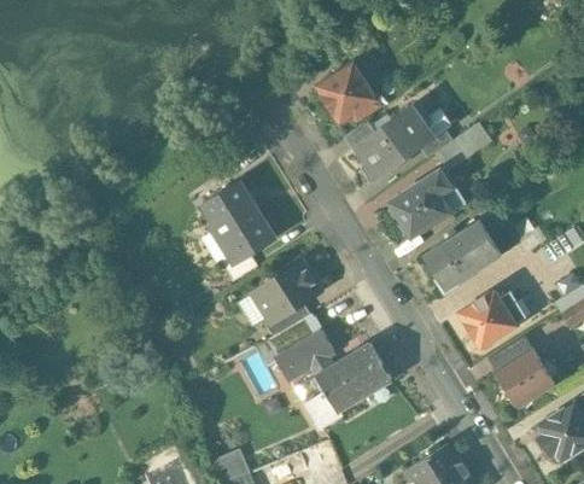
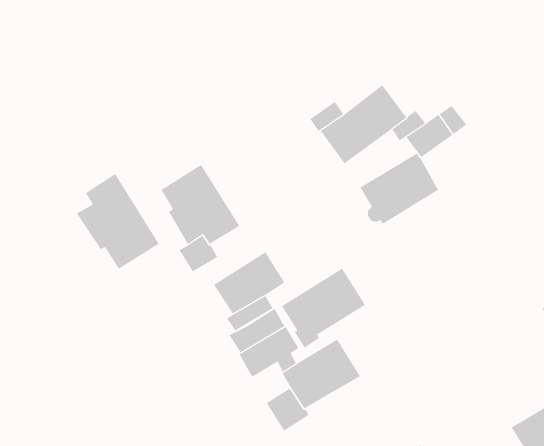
building: [317,63,381,123] -> none
building: none -> [76,173,159,270]
building: [424,220,503,296] -> [281,268,366,349]
building: [460,288,527,348] -> none
building: [496,349,555,407] -> none

